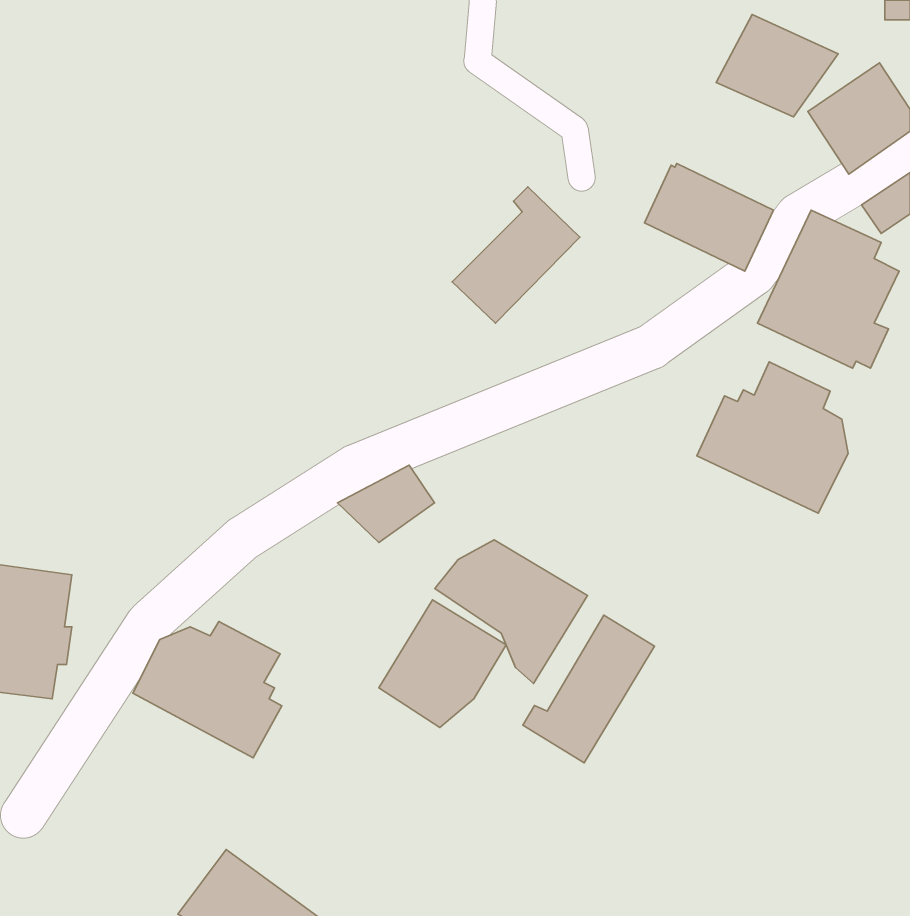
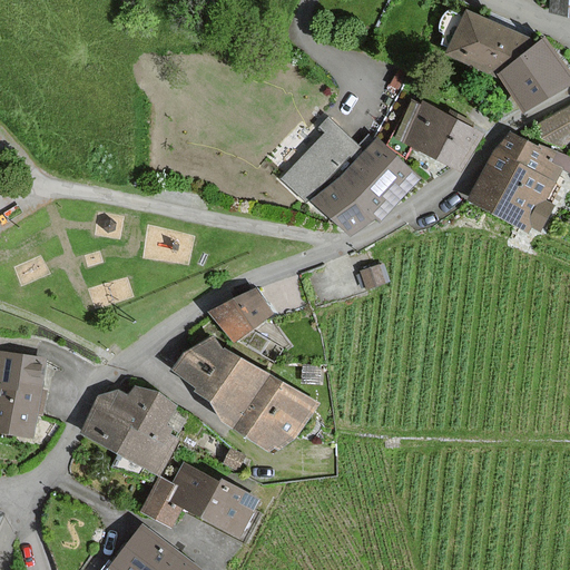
building: none -> [313,142,414,237]
building: [697,362,848,513] -> none
building: [435,540,587,684] -> [174,338,268,428]
building: [523,615,654,763] -> none
building: none -> [141,461,257,537]

